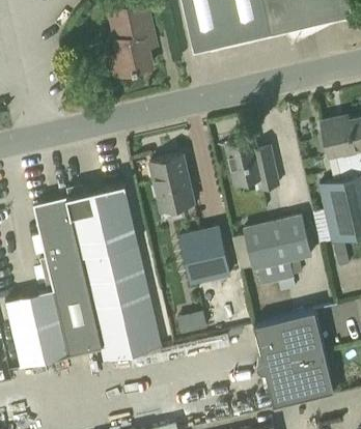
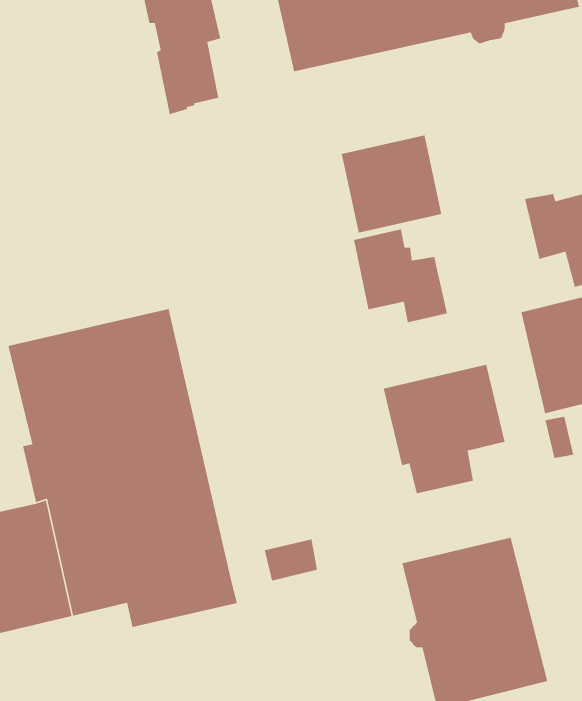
building: none -> [341,135,442,234]
building: [150,155,194,211] -> none
building: [164,229,231,290] -> none

